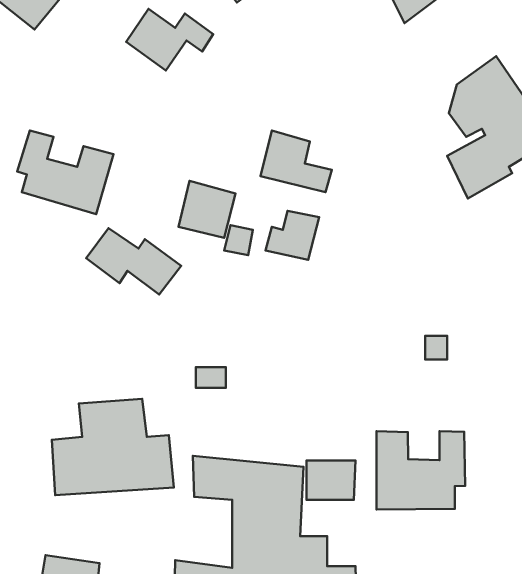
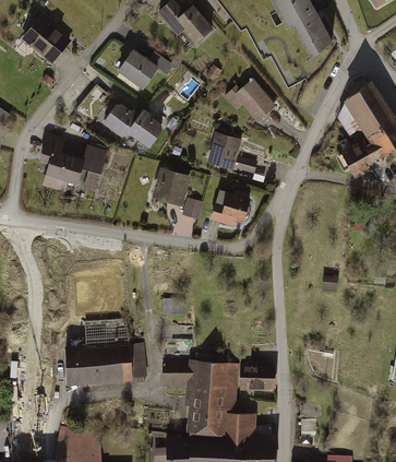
building: none -> [224,81,276,122]
building: [86,228,181,294] -> [101,102,167,147]
building: [376,431,465,510] -> none

